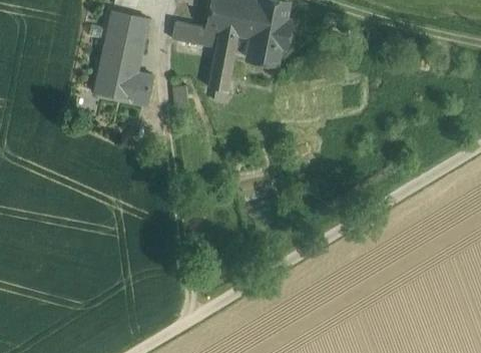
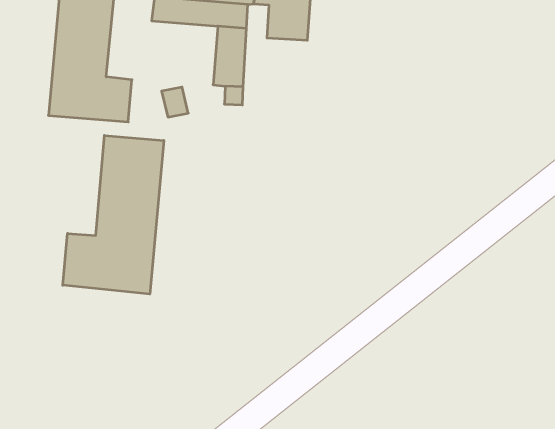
building: none -> [63,135,164,294]

